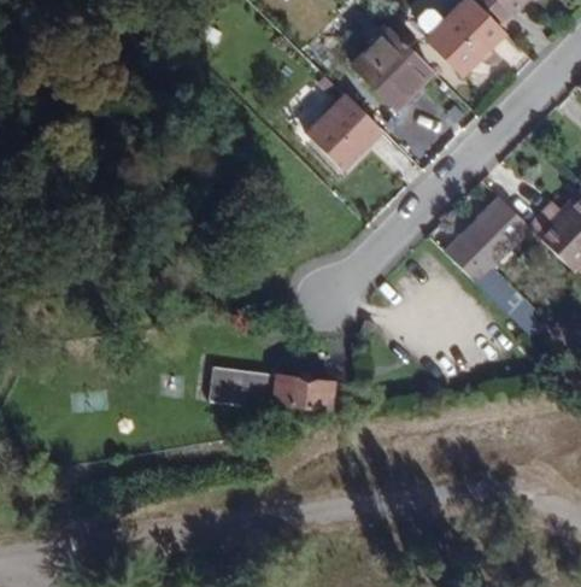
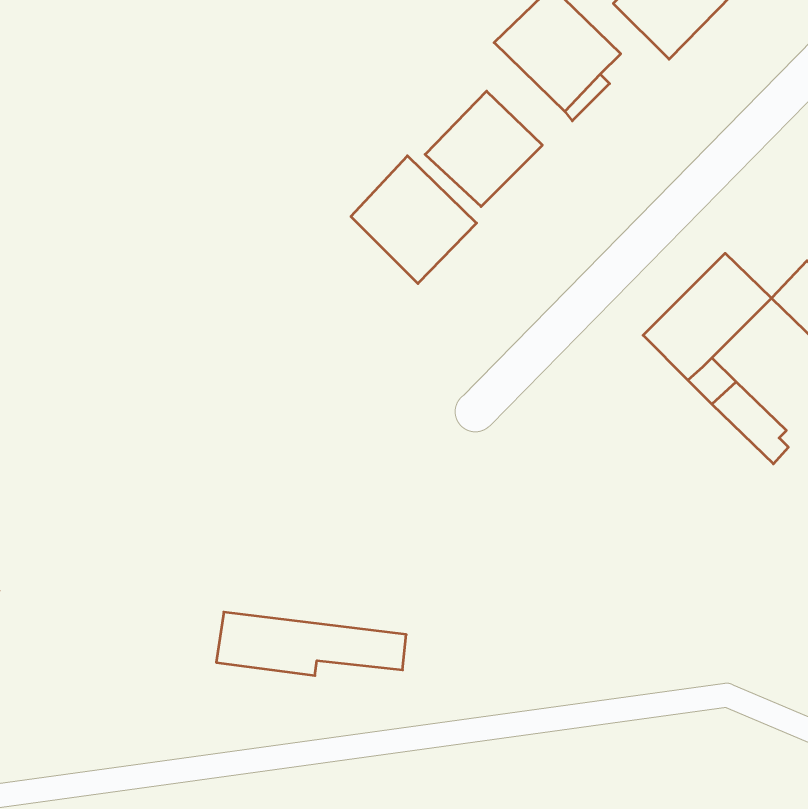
building: none -> [351,156,477,284]
building: [211,369,334,410] -> [216,612,406,676]

